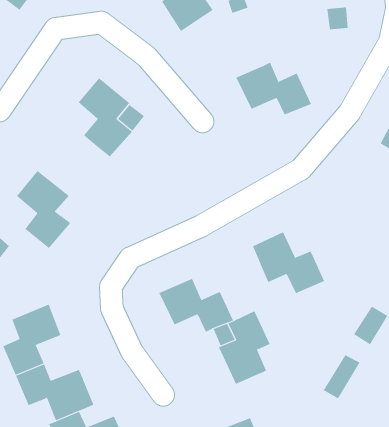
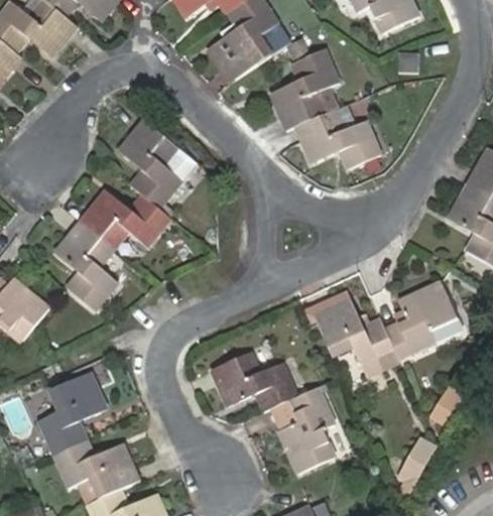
building: none -> [272,49,338,130]
building: none -> [78,195,168,257]
building: none -> [382,277,459,357]

